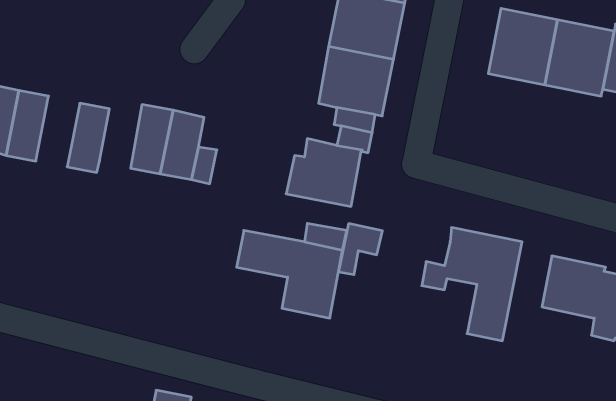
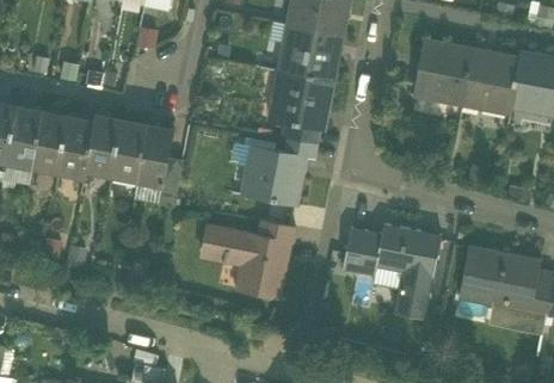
building: none -> [32,112,69,172]
building: none -> [86,115,122,173]
building: [339,224,382,275] -> [345,229,382,272]

